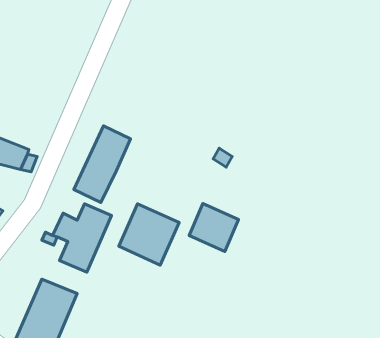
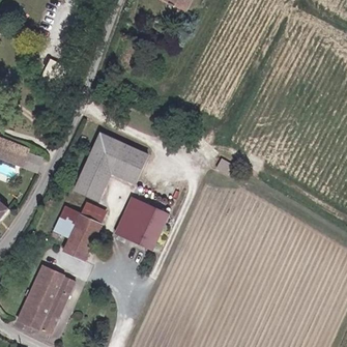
building: none -> [112,142,148,181]
building: [189,204,239,251] -> none

